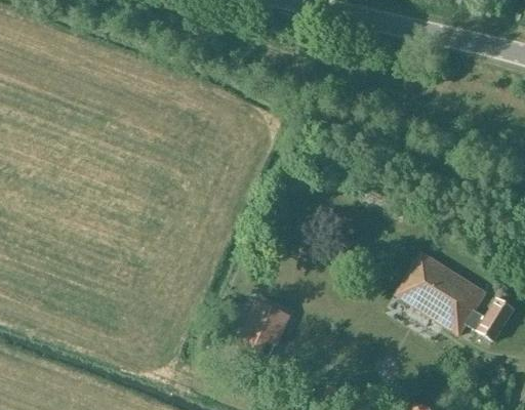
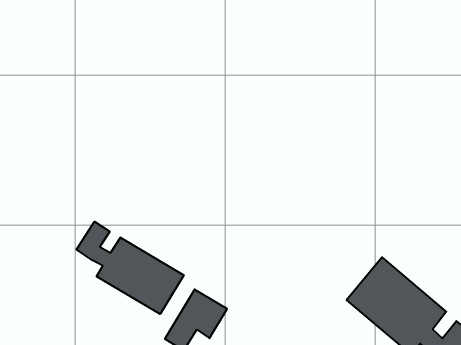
building: none -> [77,222,184,314]

